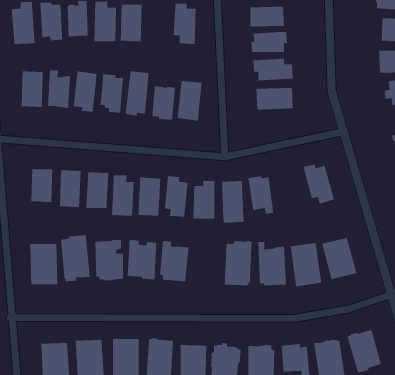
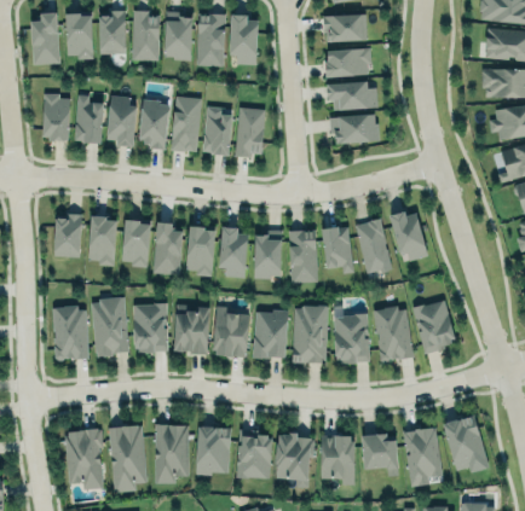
building: none -> [197,14,226,66]
building: none -> [357,220,391,275]
building: none -> [254,310,288,360]

